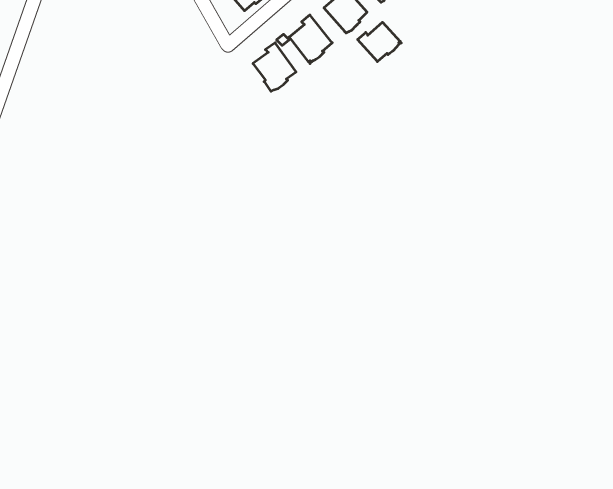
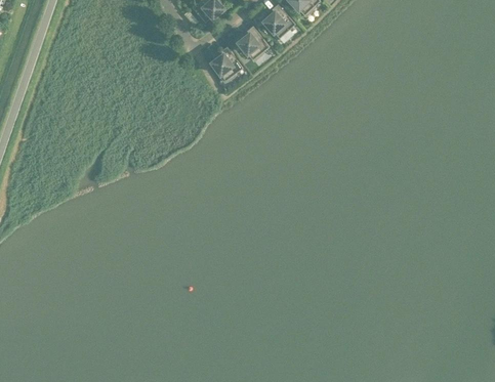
building: [358,22,401,62] -> none

